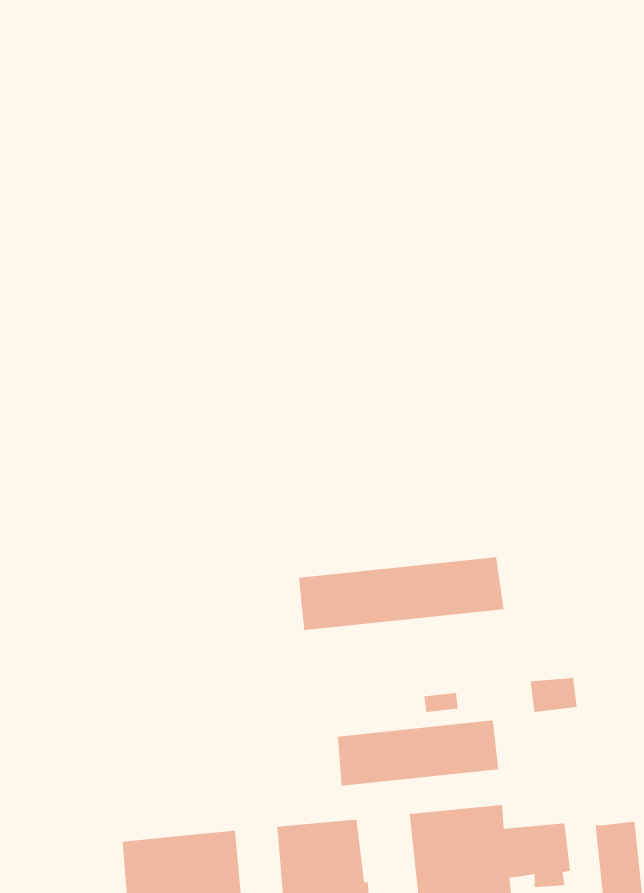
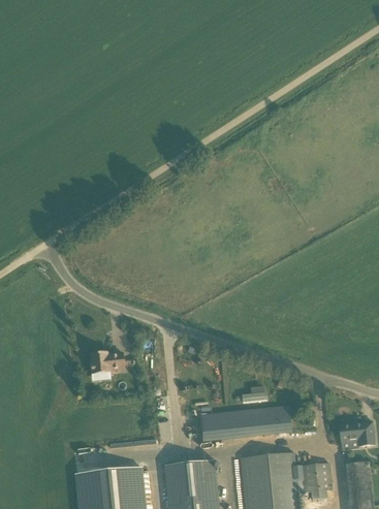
building: [298,557,504,631] -> none
building: none -> [90,350,125,372]
building: [530,678,578,713] -> [338,423,365,443]

